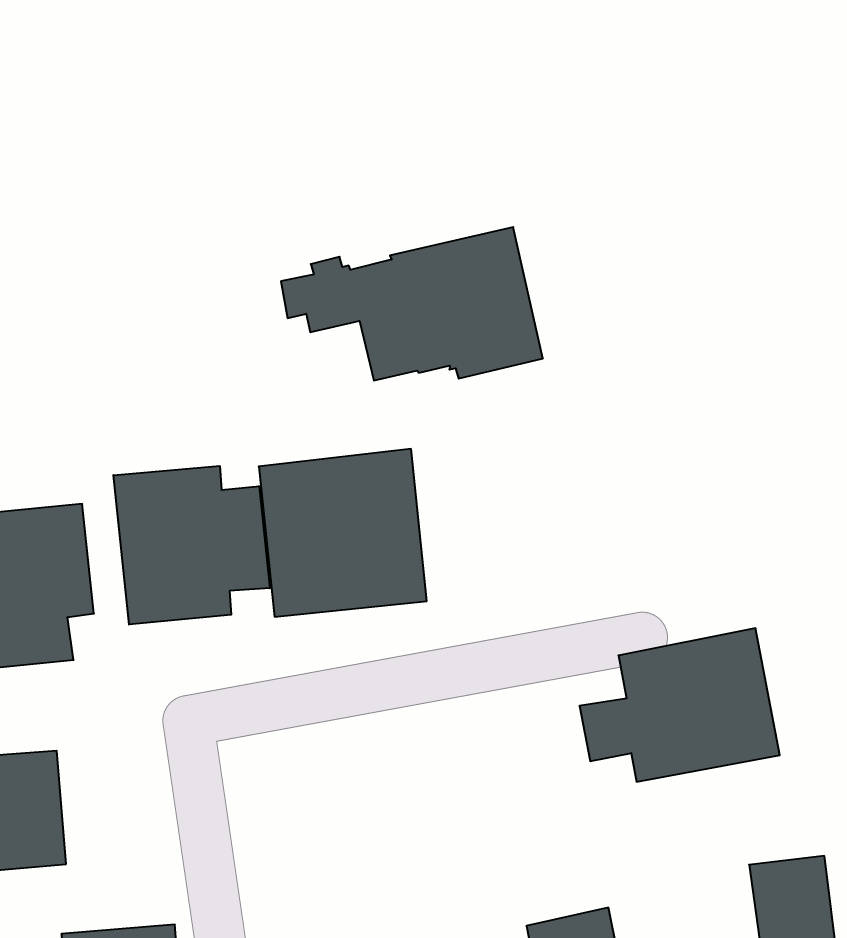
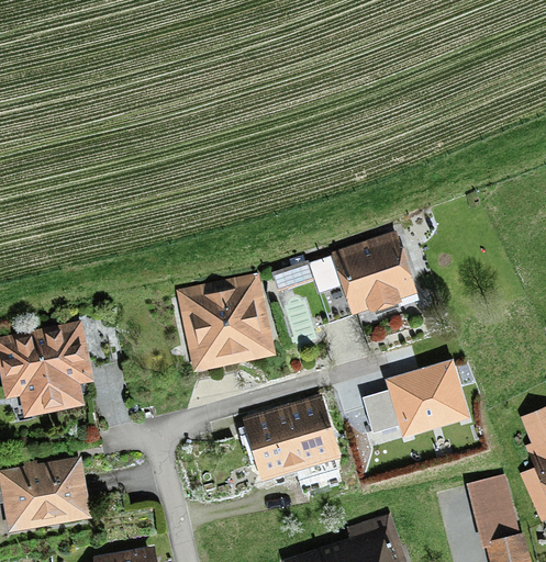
building: [281,227,543,381] -> [272,229,420,321]
building: [113,466,270,625] -> none
building: none -> [243,394,341,485]

